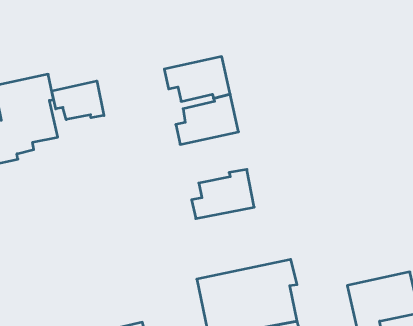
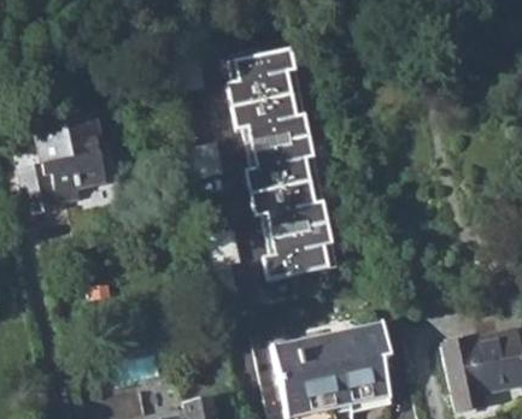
building: none -> [228,47,298,104]
building: [52,81,104,120] -> none
building: none -> [250,176,327,226]

